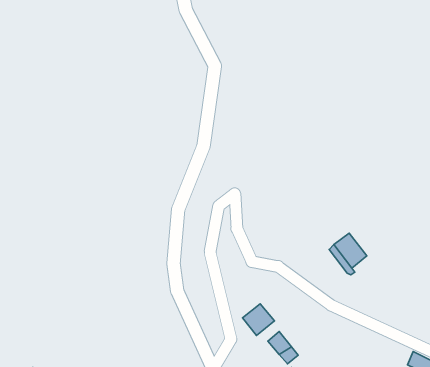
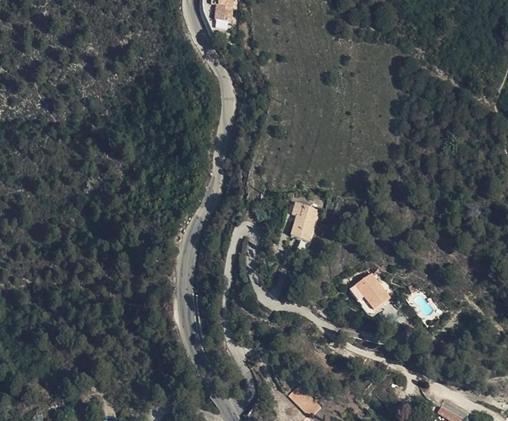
building: none -> [291,204,318,242]
building: [242,304,274,336] -> none

